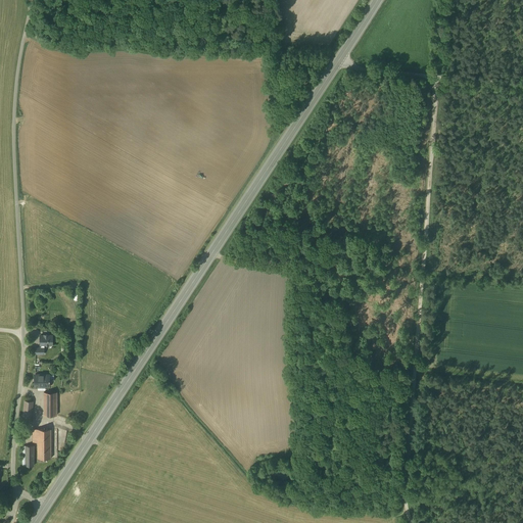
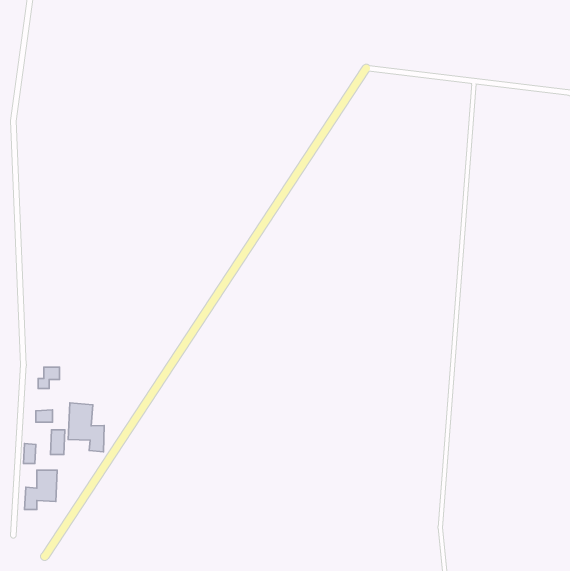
building: none -> [68,403,104,452]

